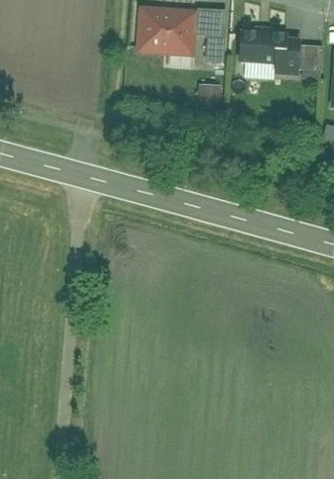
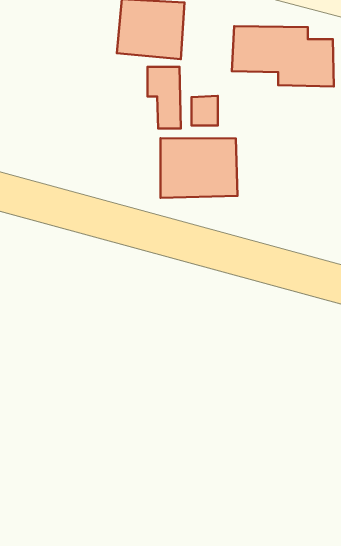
building: [200,11,228,64] -> [148,67,181,128]
building: none -> [161,138,237,198]

